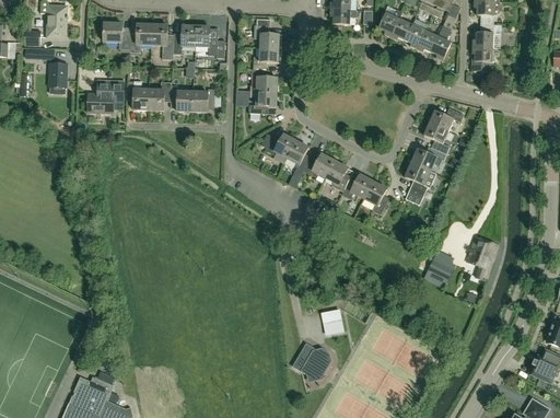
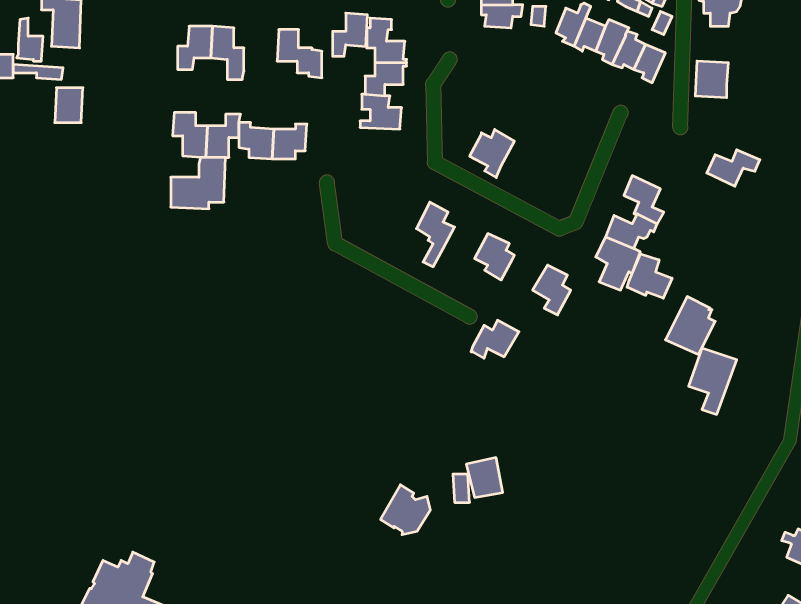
building: [103,22,129,48] -> none
building: [471,23,501,47] -> none
building: [173,24,196,53] -> [333,13,367,56]
building: [88,79,124,113] -> [171,157,226,209]
building: [248,90,276,113] -> none
building: [429,106,464,130] -> [707,150,760,186]
building: [261,132,295,156] -> none
building: [304,152,334,184] -> [470,129,514,178]
building: [341,173,373,198] -> [471,320,519,358]
building: none -> [627,254,672,298]
building: [422,248,455,287] -> [665,297,715,355]
building: [292,341,325,374] -> [381,485,430,535]

